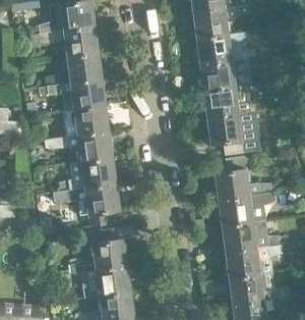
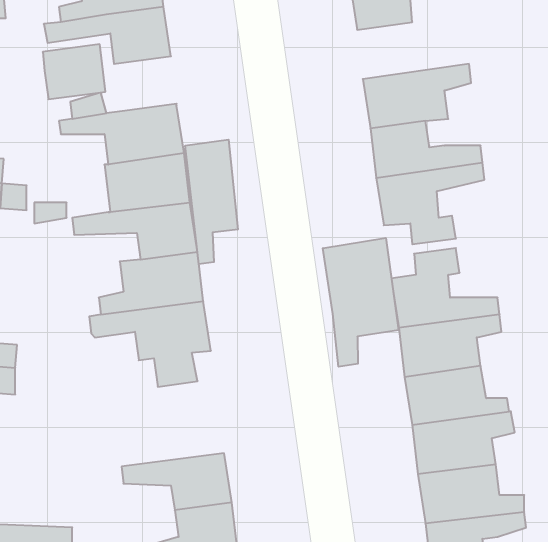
building: [197,33,266,65] -> none
building: [67,53,101,83] -> [43,44,105,99]
building: none -> [185,140,238,264]
building: none -> [323,238,398,367]
building: [69,229,126,273] -> none

